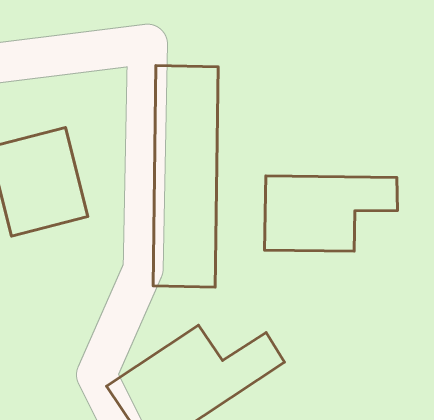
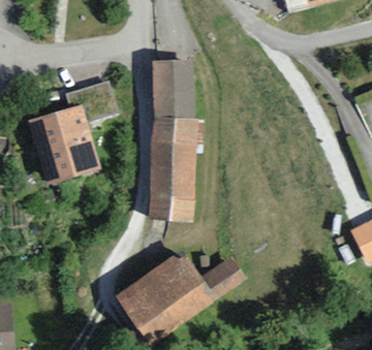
building: [264,176,397,251] -> none

